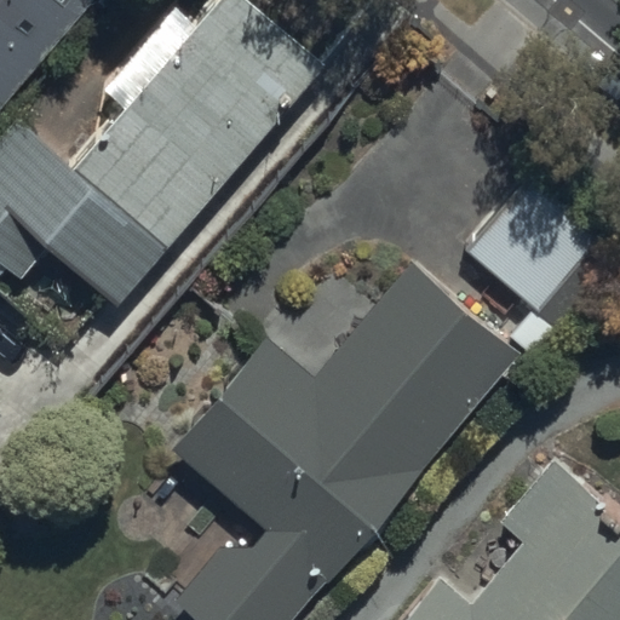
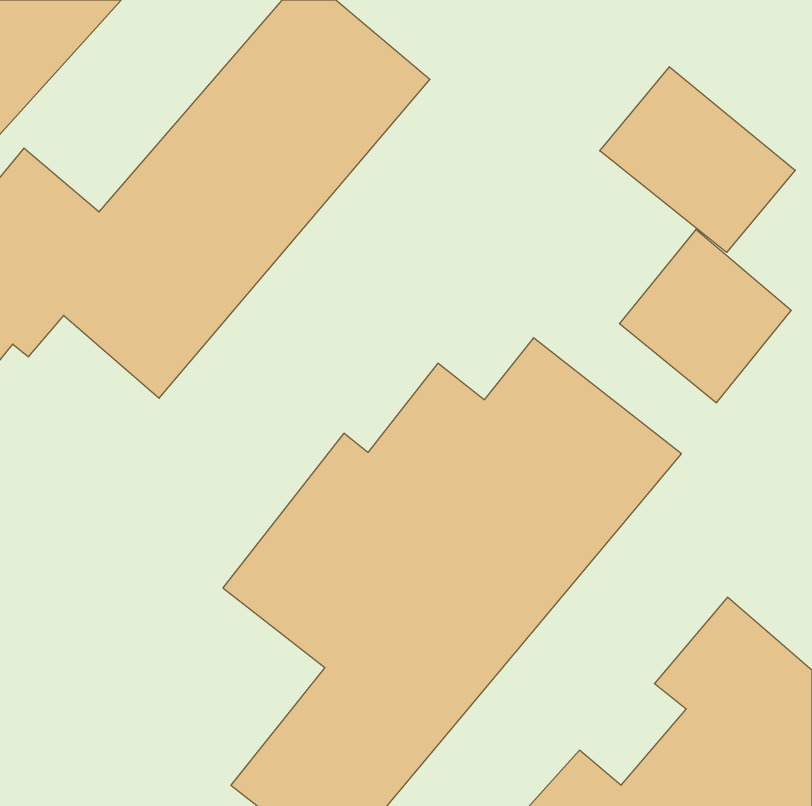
building: none -> [600,67,795,252]

